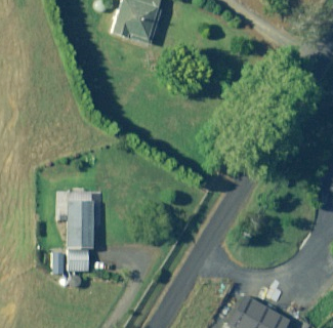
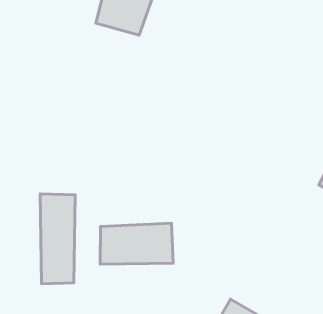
building: none -> [100,223,173,264]

